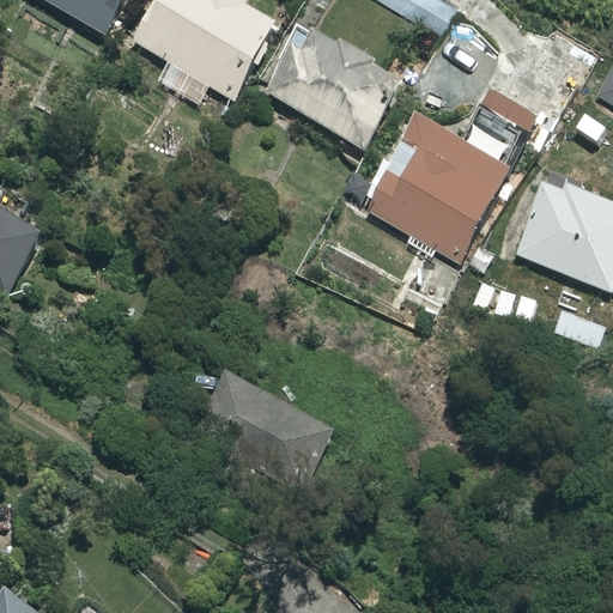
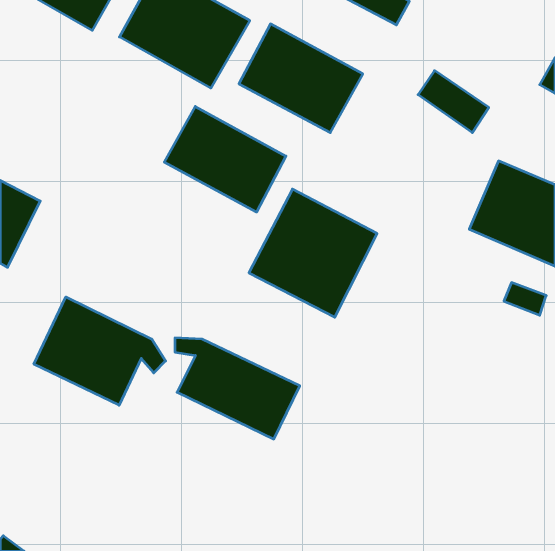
building: none -> [164,106,286,212]
building: [364,119,505,260] -> [249,189,377,317]
building: none -> [34,297,166,405]

